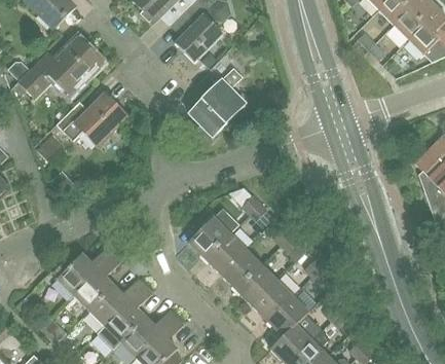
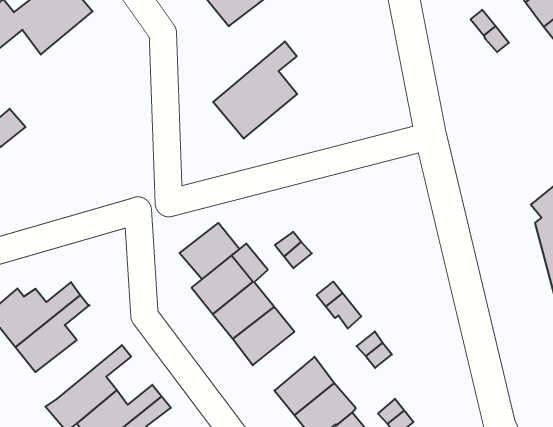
building: [55,95,126,145] -> none
building: none -> [179,223,239,279]
building: [235,264,276,305] -> none
building: [88,279,145,327] -> none

